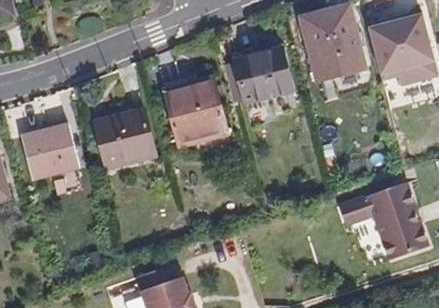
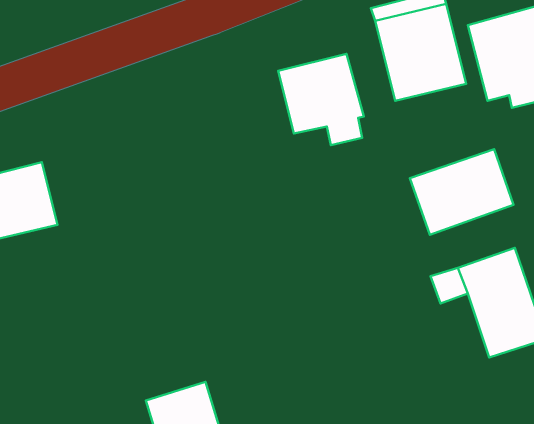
building: [165,77,228,146] -> none
building: [94,109,156,168] -> none
building: none -> [410,149,513,235]

